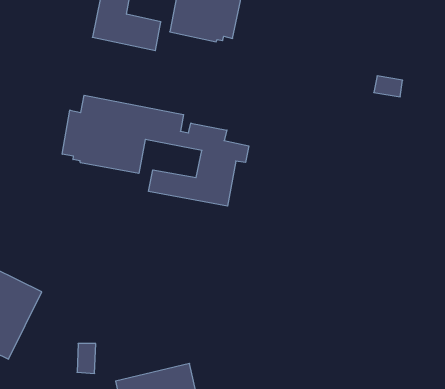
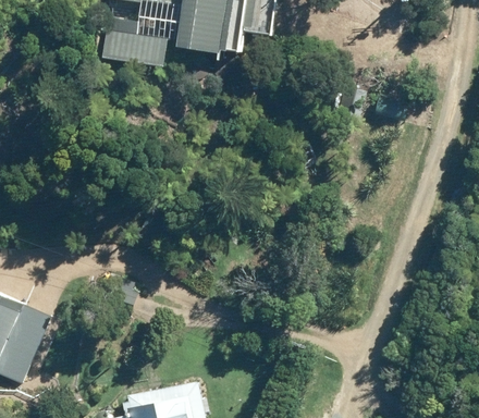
building: [62,95,249,206] -> none

